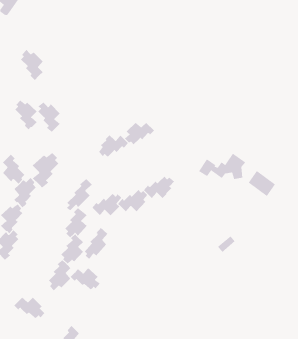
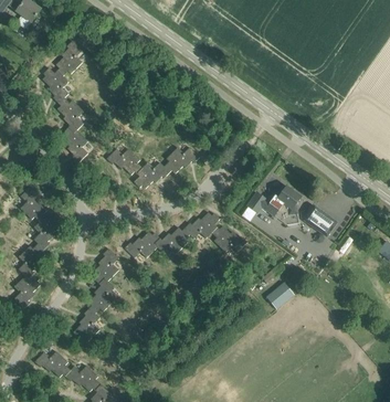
building: none -> [55,39,83,74]
building: [15,100,38,131] -> [57,96,84,131]
building: none -> [104,150,140,177]
building: [32,152,59,188] -> none
building: [66,178,93,211] -> none
building: none -> [211,224,246,251]
building: [84,227,108,260] -> none
building: [70,267,100,290] -> [65,363,101,390]

